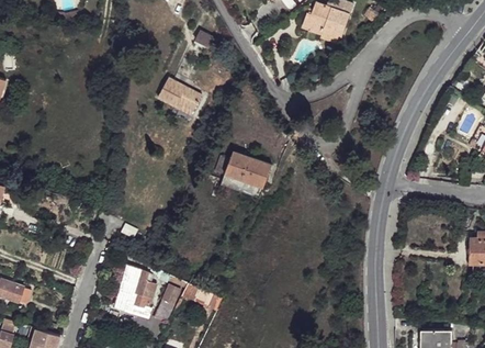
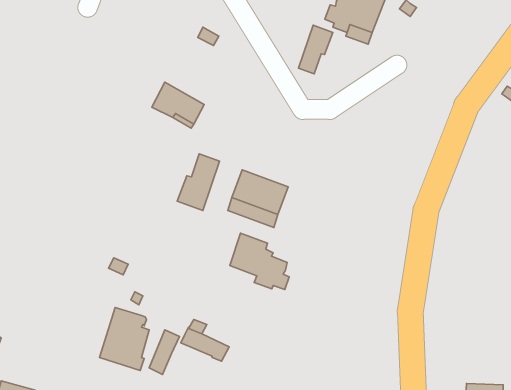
building: none -> [298,25,333,74]
building: none -> [177,154,220,211]
building: none -> [230,233,289,289]

